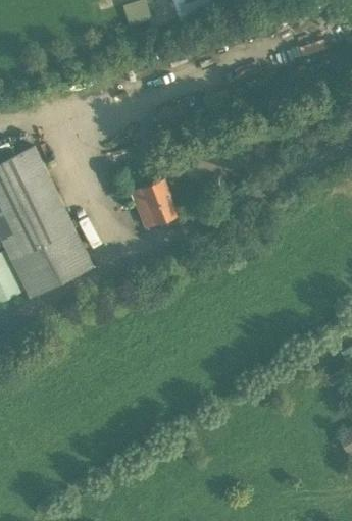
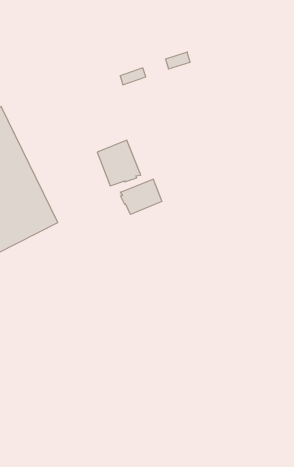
building: none -> [120,179,162,214]

